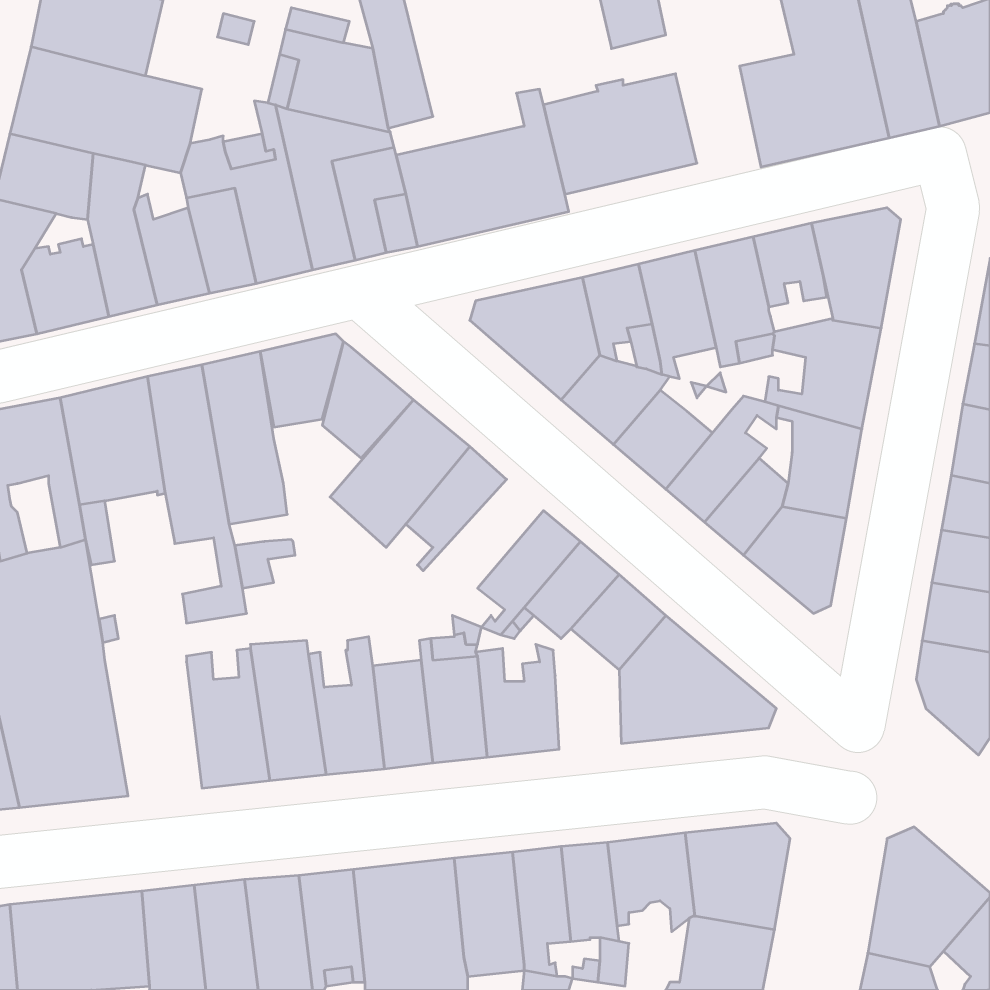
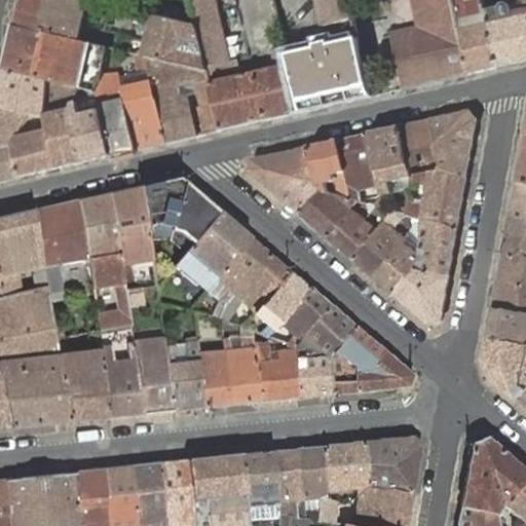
building: none -> [217,254,288,322]
building: none -> [55,348,107,421]
building: none -> [294,354,329,397]

